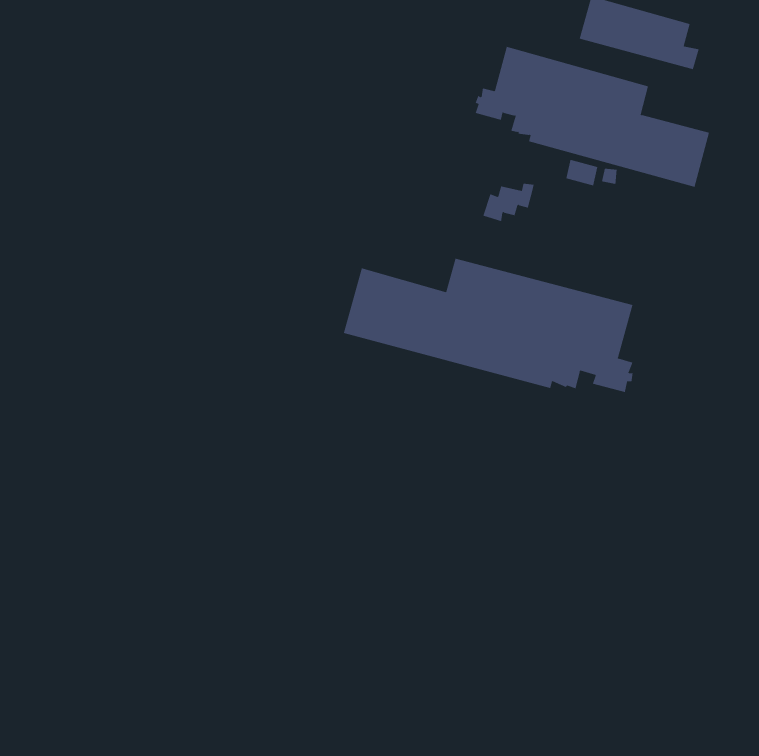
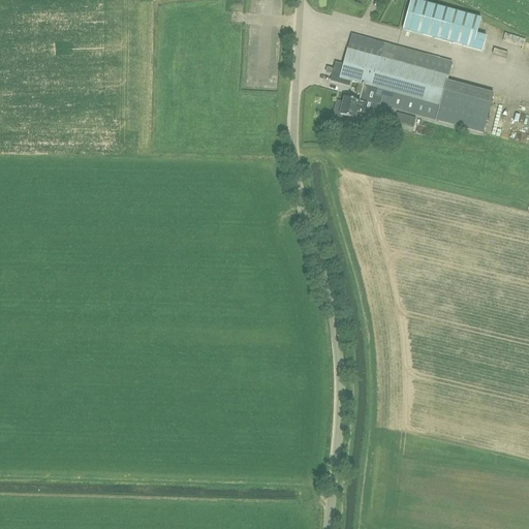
building: [482,183,535,222] -> [333,93,369,120]
building: [343,258,633,393] -> none

